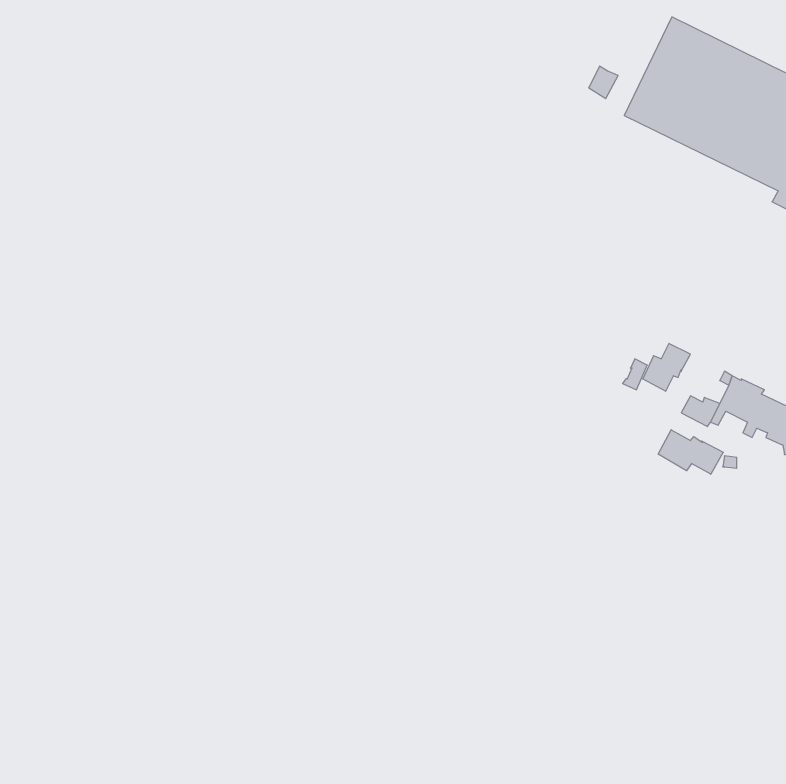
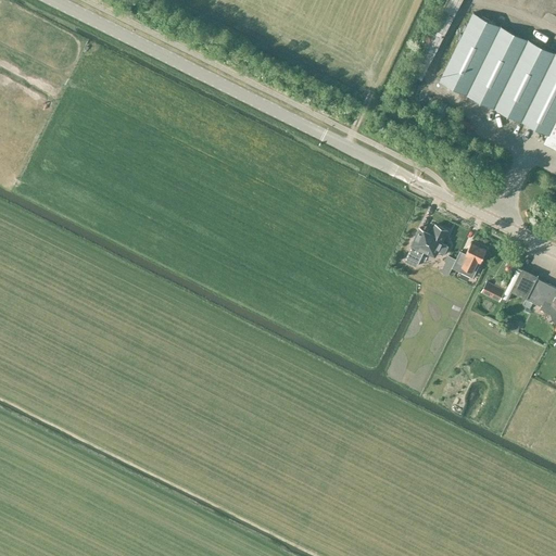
building: none -> [406,226,450,268]
building: [658,430,723,474] -> none

